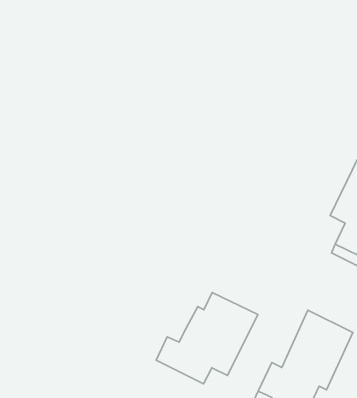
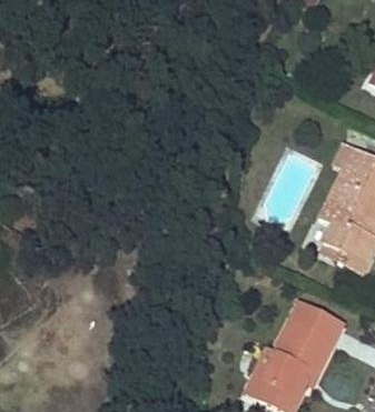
building: [156,293,258,384] -> none

